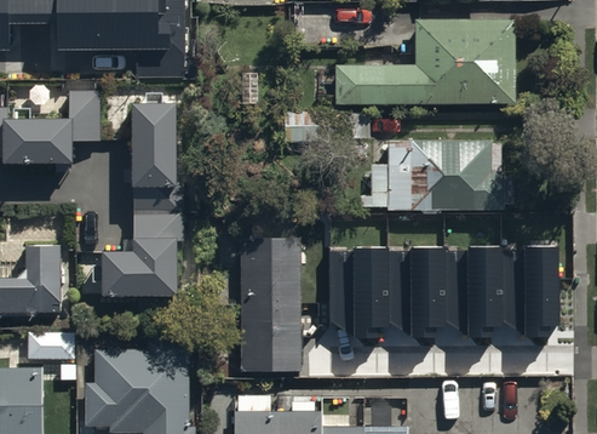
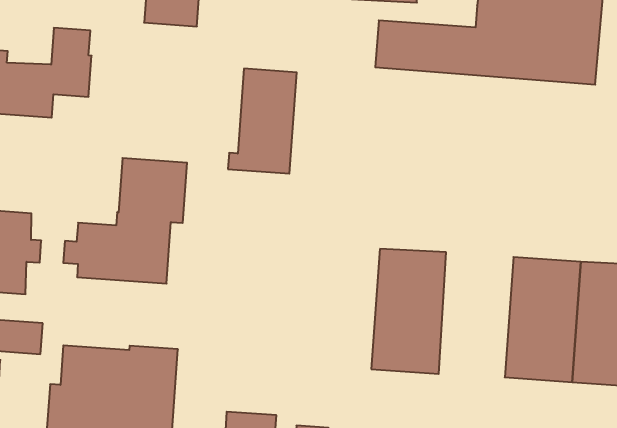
building: [124,101,174,184] -> [228,69,297,174]
building: [360,139,513,215] -> none
building: [240,238,333,375] -> none
building: [403,251,459,352] -> none

